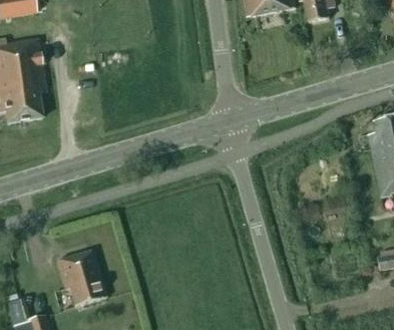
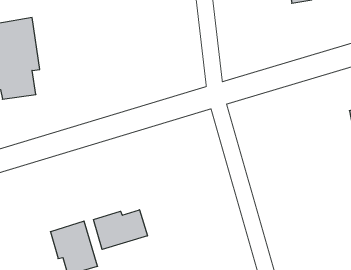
building: none -> [94,210,147,249]

